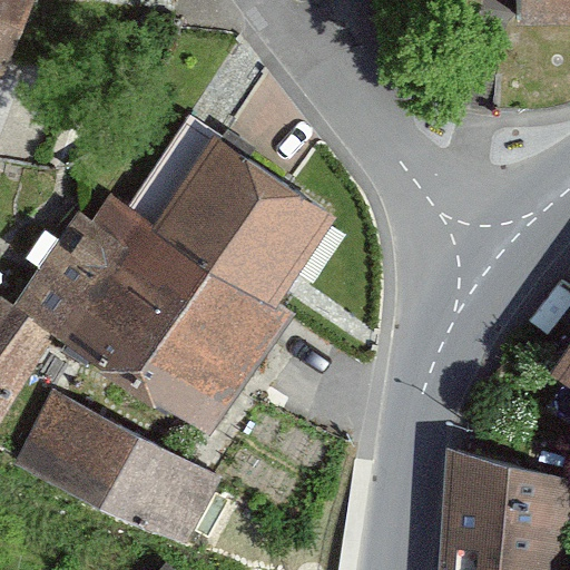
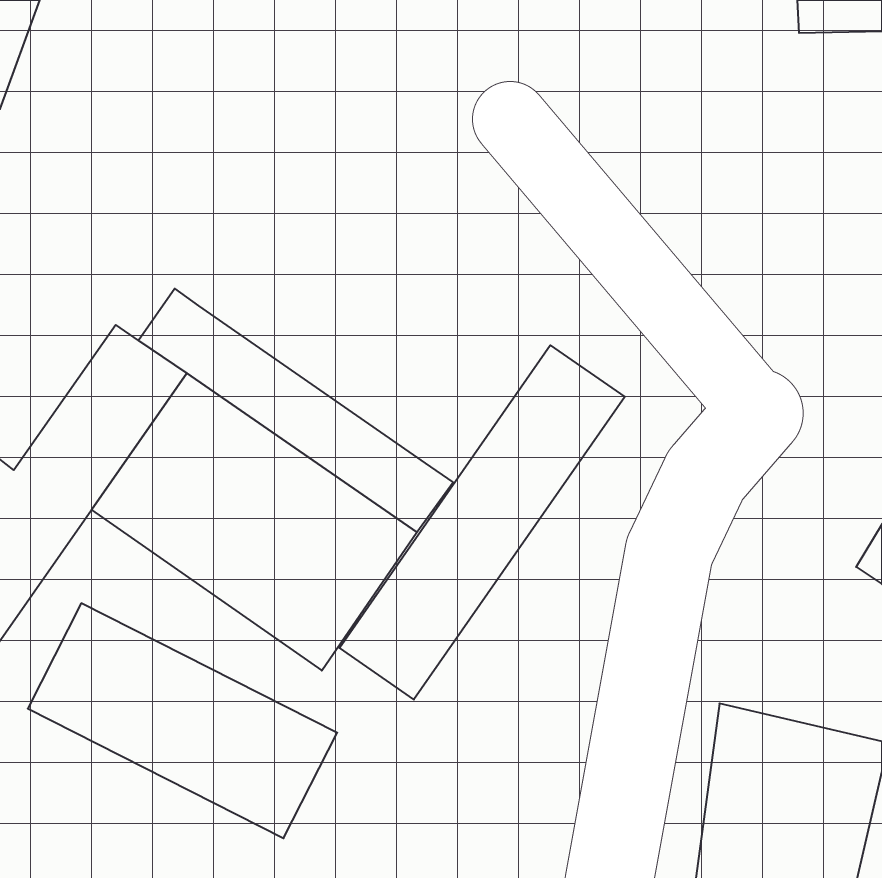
building: [128,116,333,302] -> none
building: none -> [339,345,625,700]

